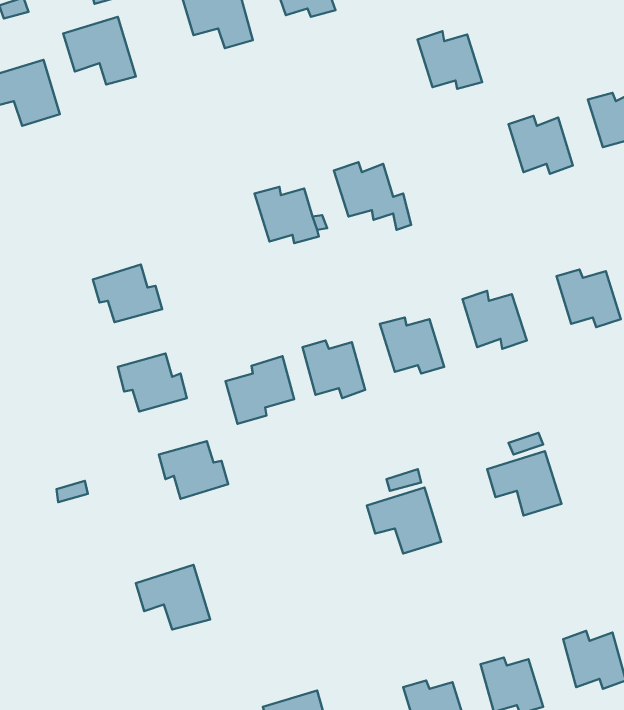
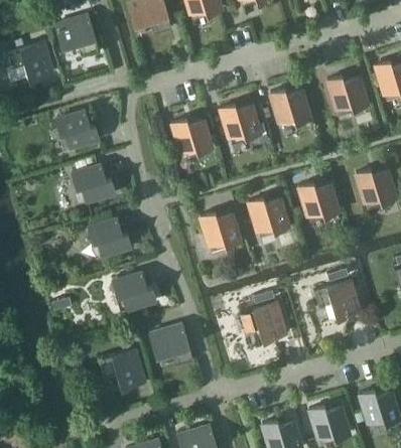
building: [418,31,482,89] -> [270,89,309,124]
building: none -> [56,112,100,148]
building: [226,356,294,424] -> none
building: none -> [149,324,192,365]

